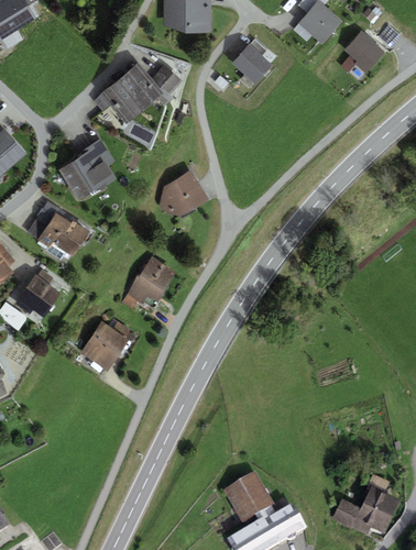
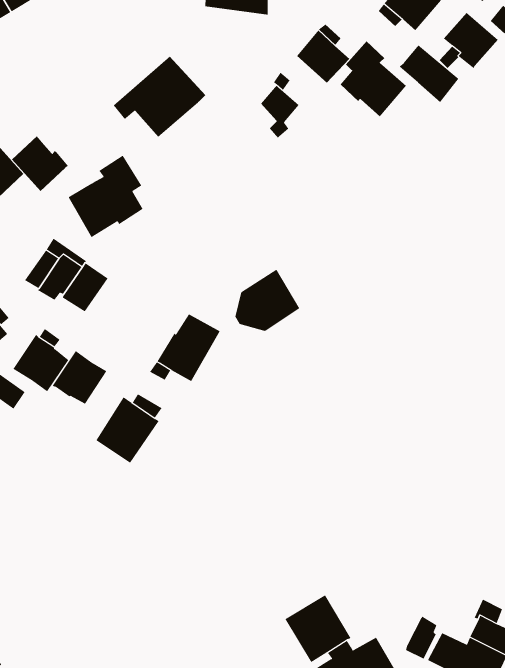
building: none -> [340,41,407,117]
building: none -> [399,45,459,103]
building: [151,65,180,106] -> [260,85,299,139]
building: none -> [11,136,69,192]
building: [158,169,208,217] -> [235,269,300,331]
building: none -> [52,350,107,404]
building: none -> [405,616,437,659]

